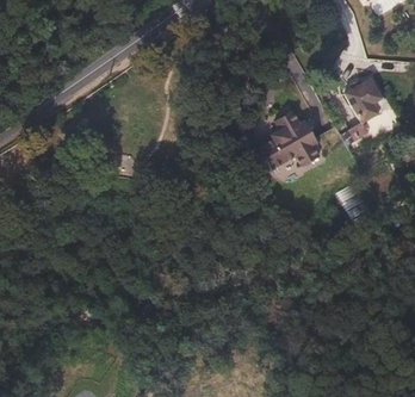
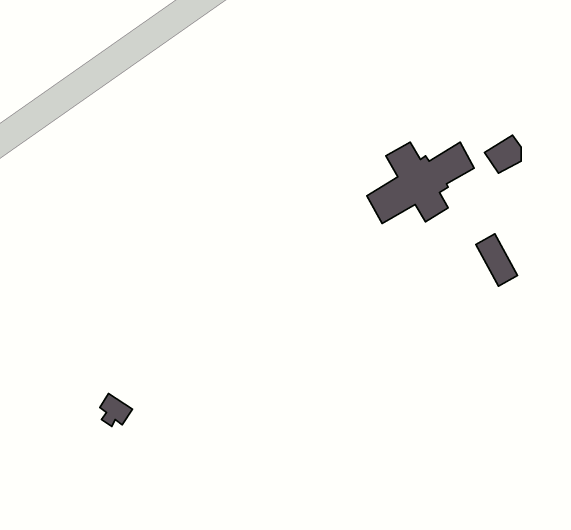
building: [346,74,384,117] -> none

